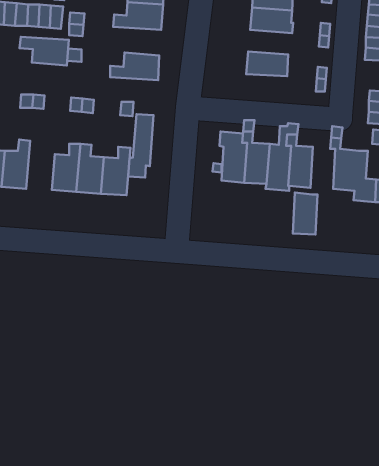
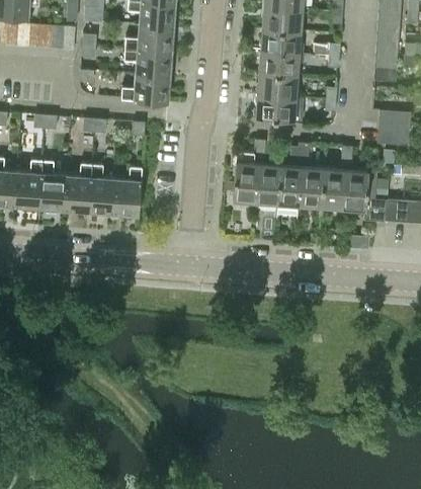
building: none -> [259,52,303,76]
building: [20,37,69,65] -> [124,49,173,77]
building: none -> [256,95,304,120]
building: [128,114,154,177] -> none
building: none -> [39,161,68,210]
building: [293,193,317,235] -> [321,167,345,209]

